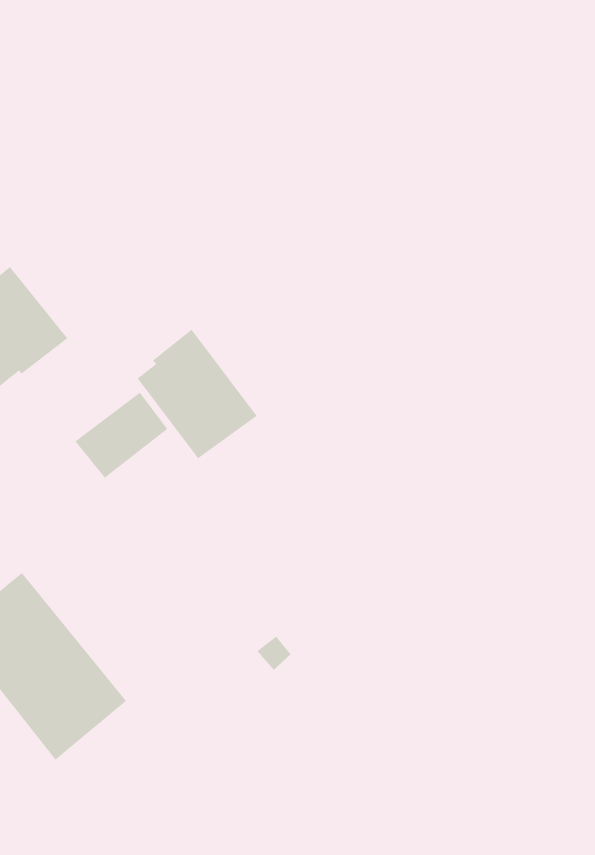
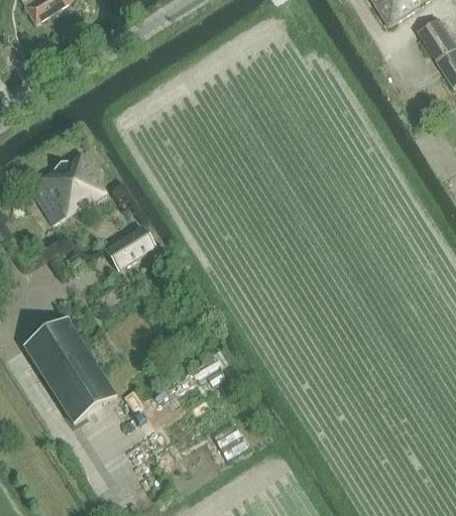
building: [137,329,258,459] -> none

